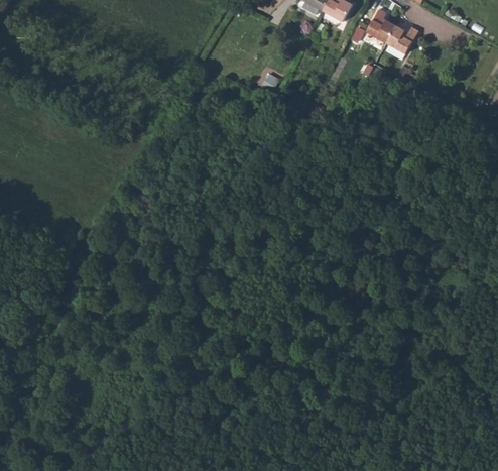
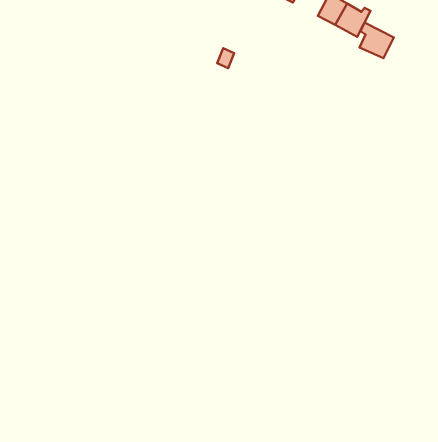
building: none -> [360,22,394,58]

